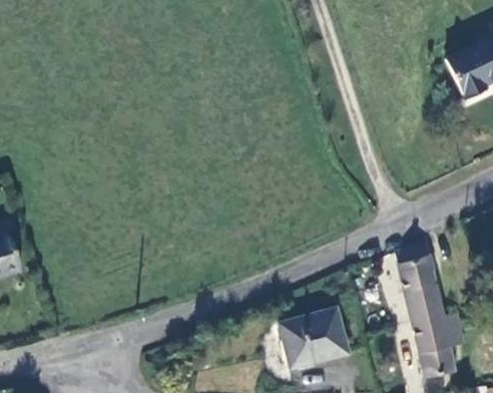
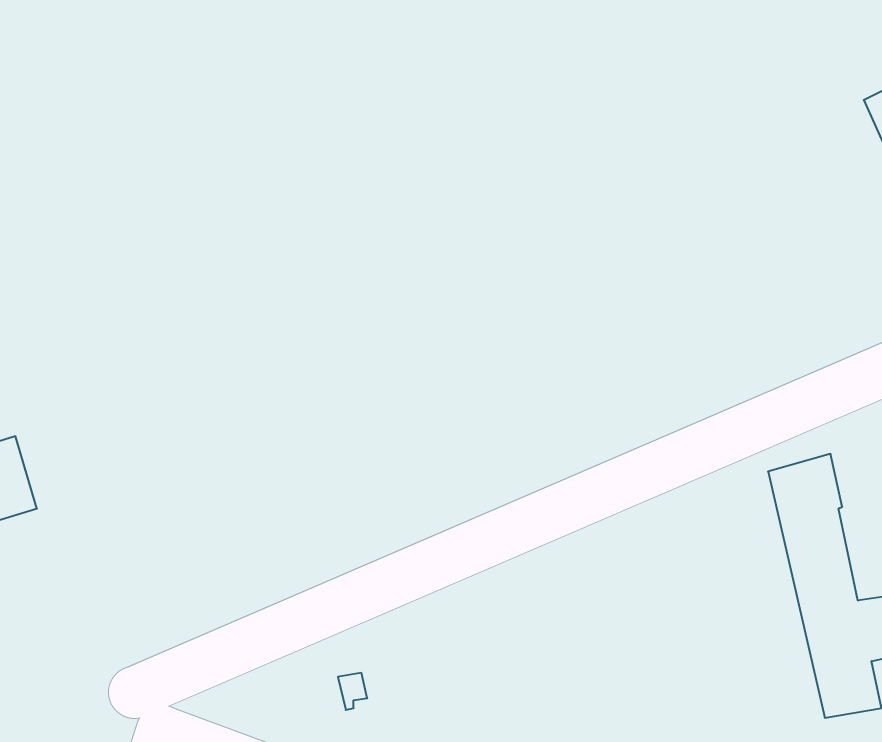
building: [278,310,346,370] -> none

